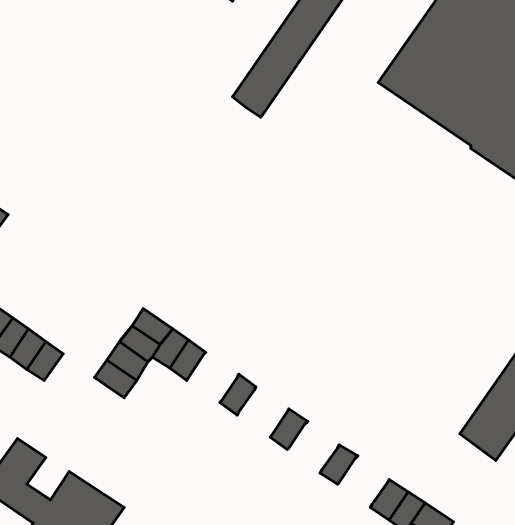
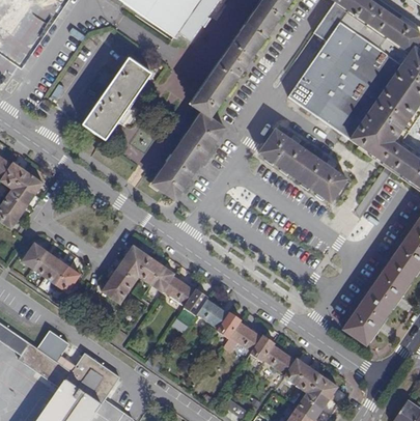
building: none -> [83,57,150,139]
building: none -> [151,112,226,200]
building: none -> [259,129,347,202]
building: none -> [163,275,195,306]
building: none -> [196,299,228,329]
building: none -> [229,321,261,352]
building: none -> [262,344,295,374]

